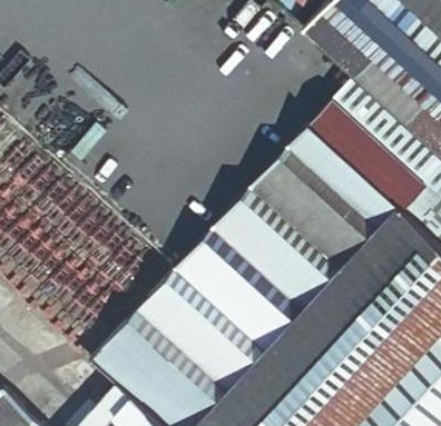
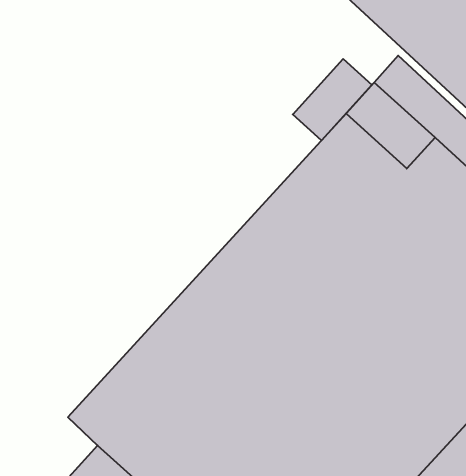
building: none -> [293,59,372,140]

